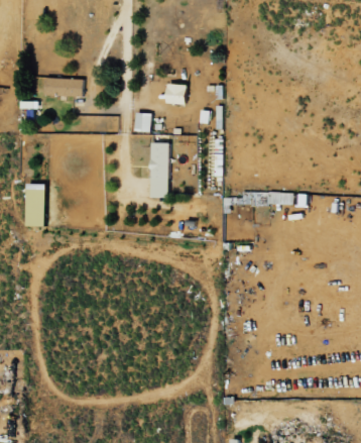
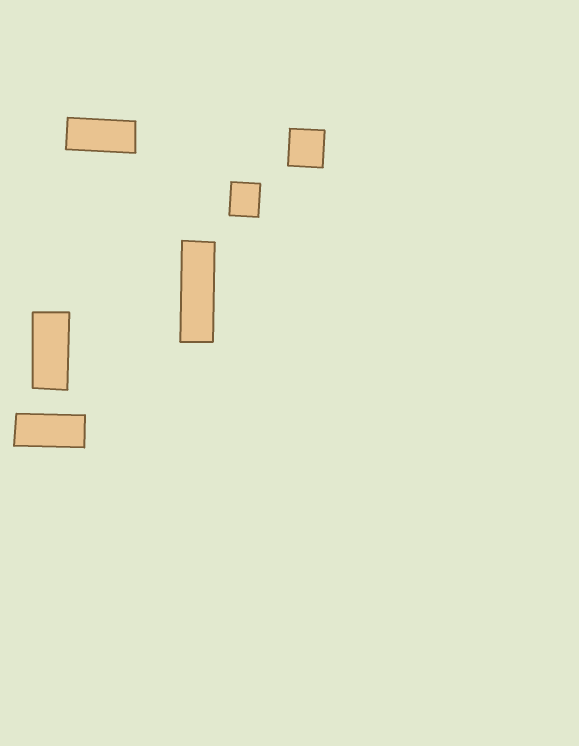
building: [149,142,168,198] -> [180,241,215,342]
building: none -> [14,414,85,448]

